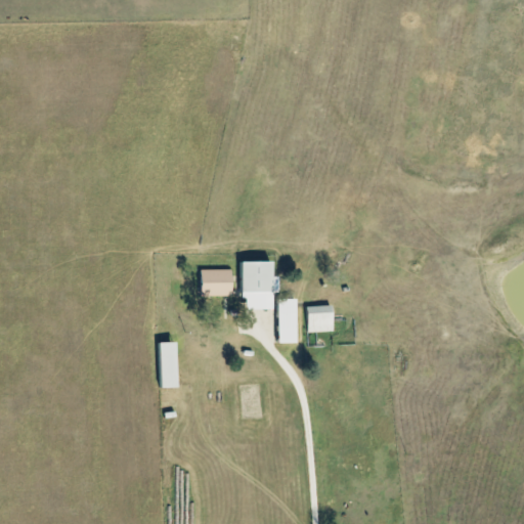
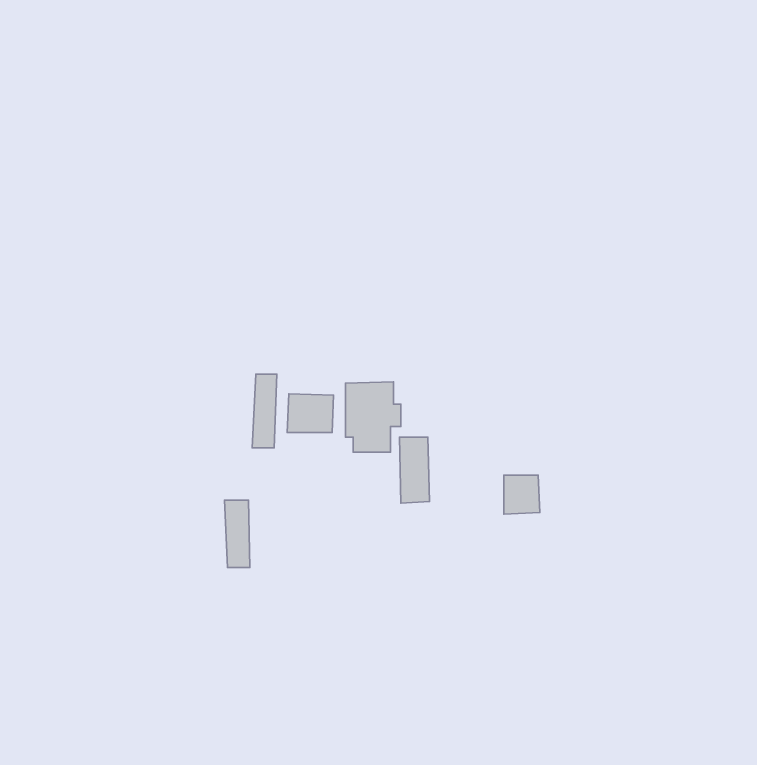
building: none -> [252,374,277,448]
building: [310,306,335,333] -> [504,475,540,514]

